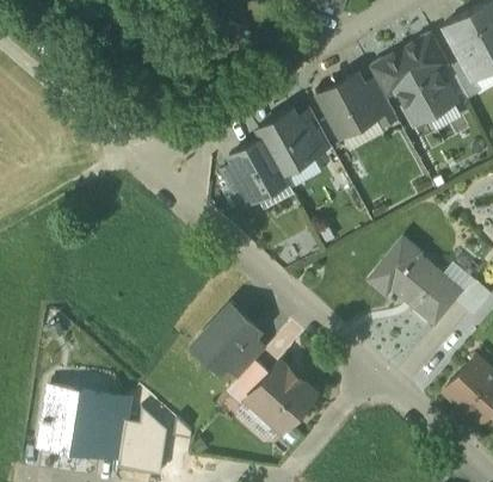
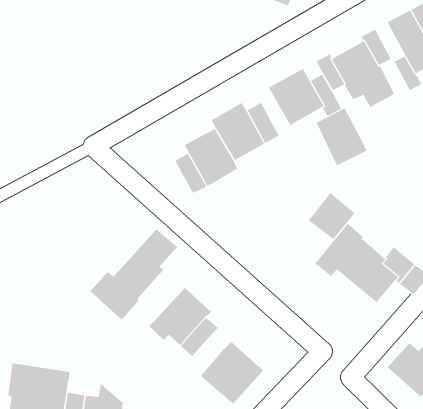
building: none -> [316,108,368,166]
building: none -> [308,192,355,240]
building: none -> [90,228,179,320]
building: [227,362,270,407] -> none

